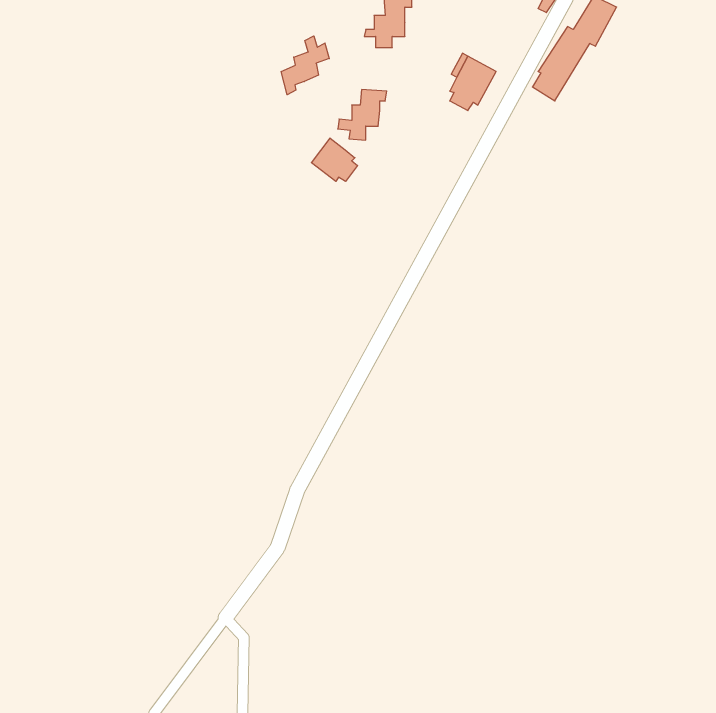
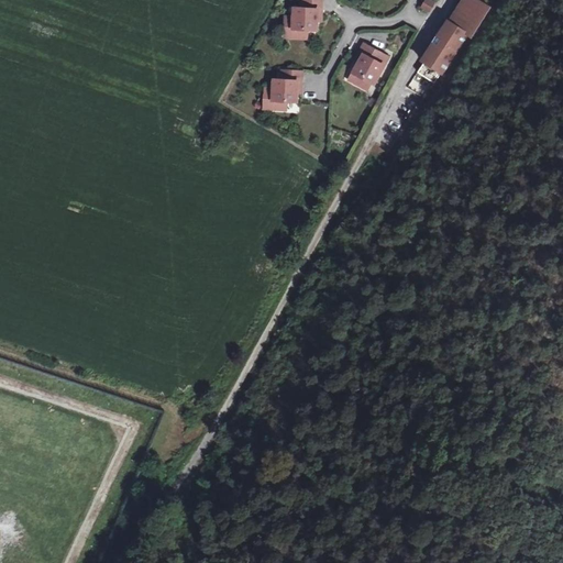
building: [281,36,329,95] -> none
building: [311,138,358,181] -> none

